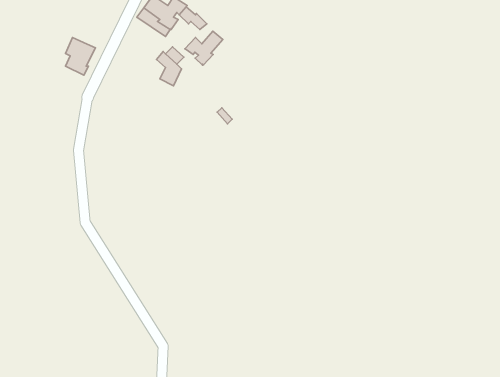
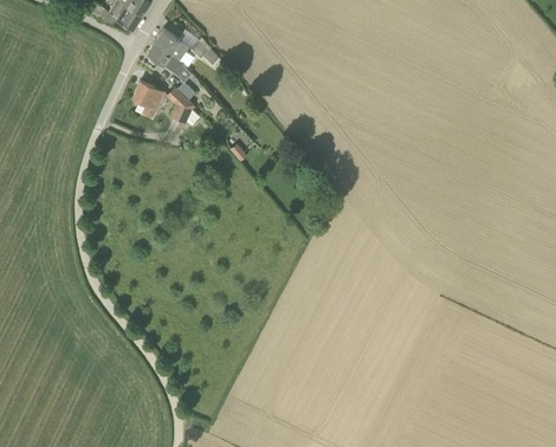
building: [185,31,223,65] -> none
building: [66,37,95,75] -> [134,79,164,118]

